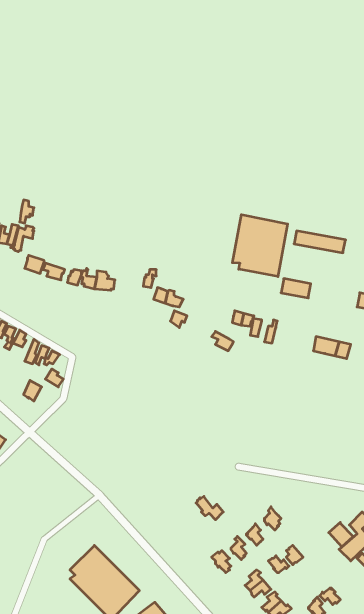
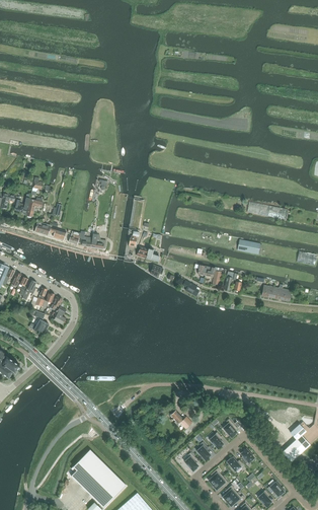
building: [232,215,288,277] -> none

